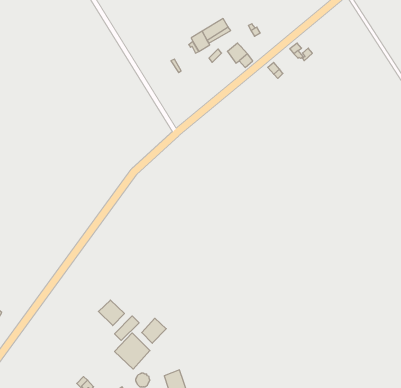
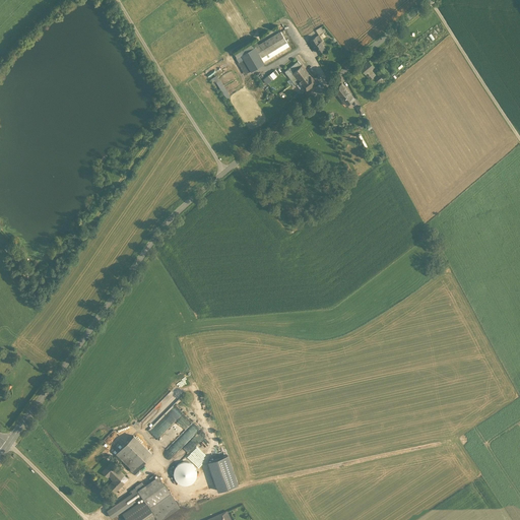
building: [98,300,124,326] -> none
building: [142,318,166,343] -> none
building: none -> [116,437,151,473]

